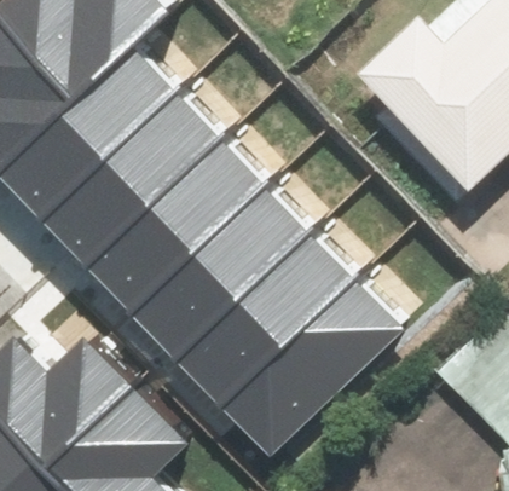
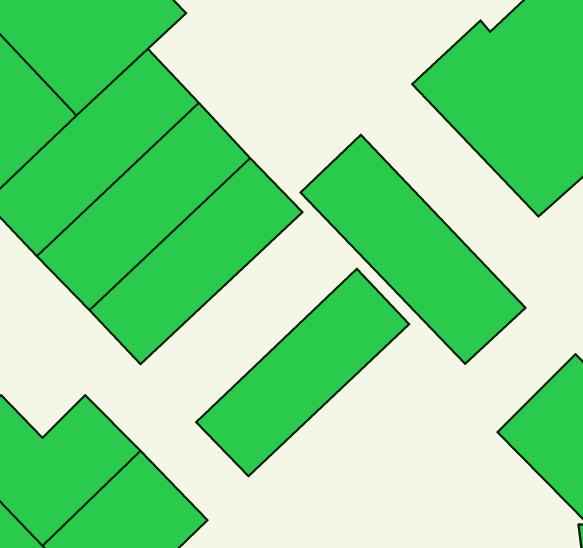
building: none -> [301,135,526,364]
building: [129,183,313,362] -> none
building: [221,278,406,458] -> none

